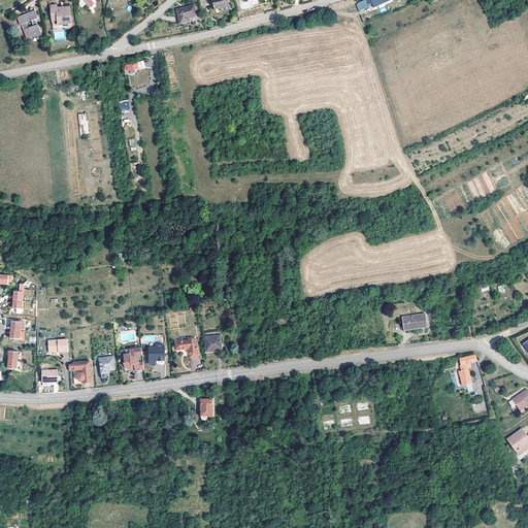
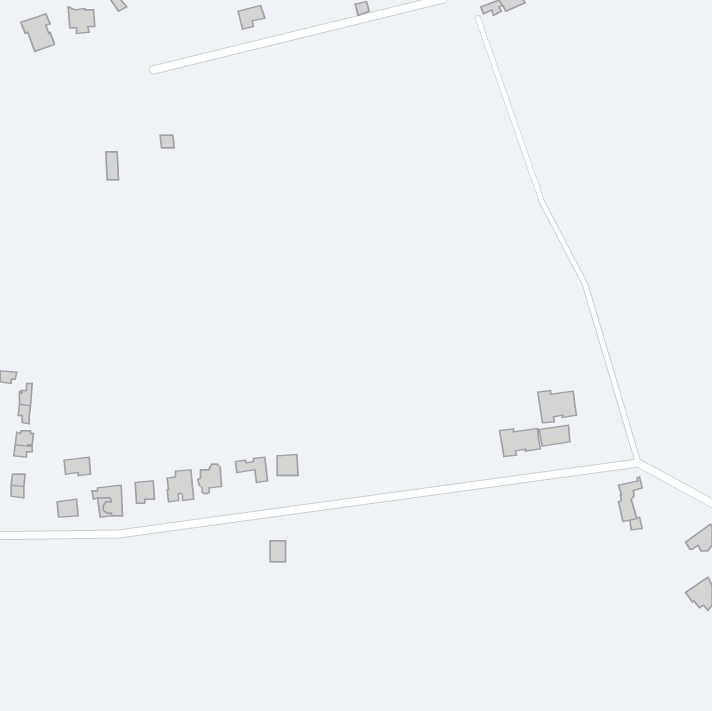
building: none -> [538,391,577,423]
building: none -> [500,428,540,456]

